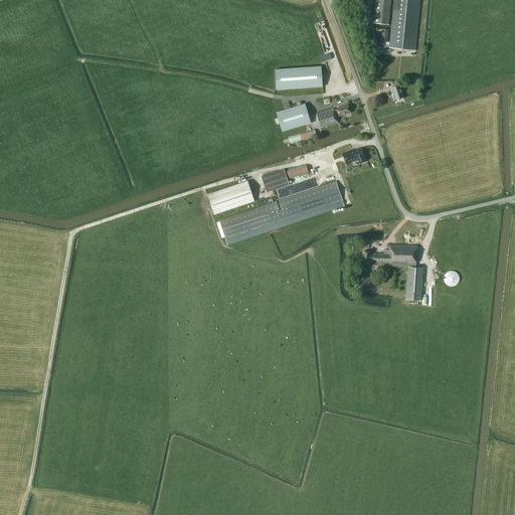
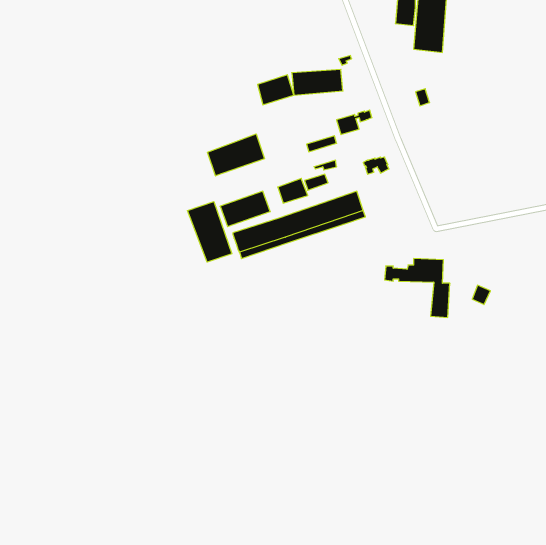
building: [277,103,311,131] -> [258,75,294,105]
building: none -> [208,134,265,176]
building: none -> [188,202,232,262]

